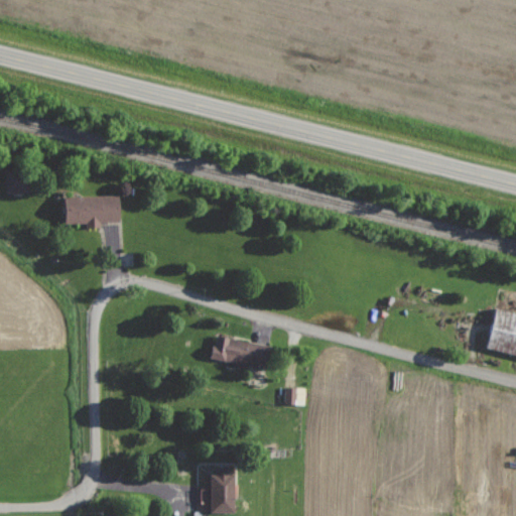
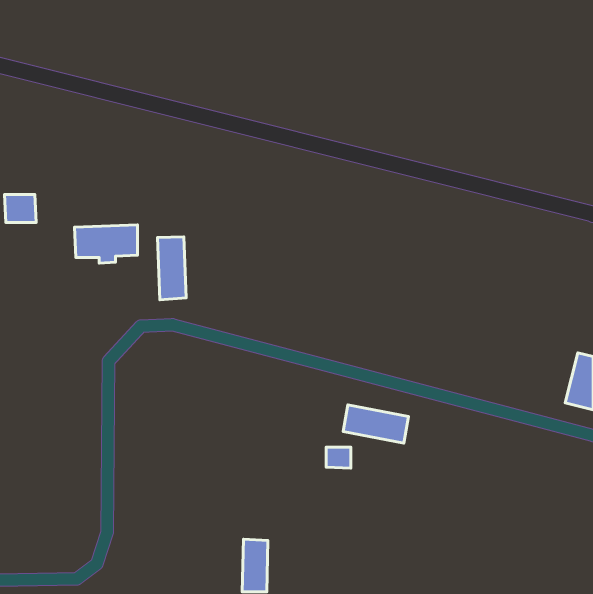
building: none -> [157,237,186,300]
building: [211,335,267,368] -> [343,405,409,443]

